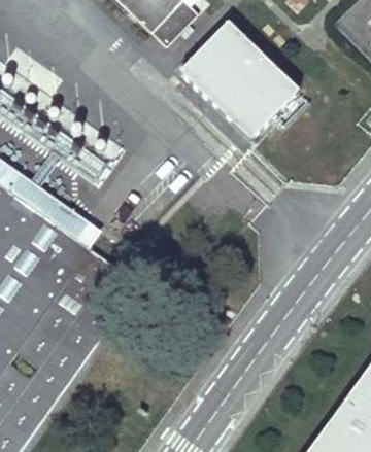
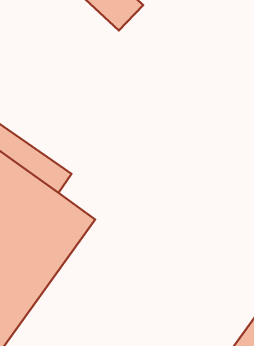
building: [176,22,296,141] -> none

